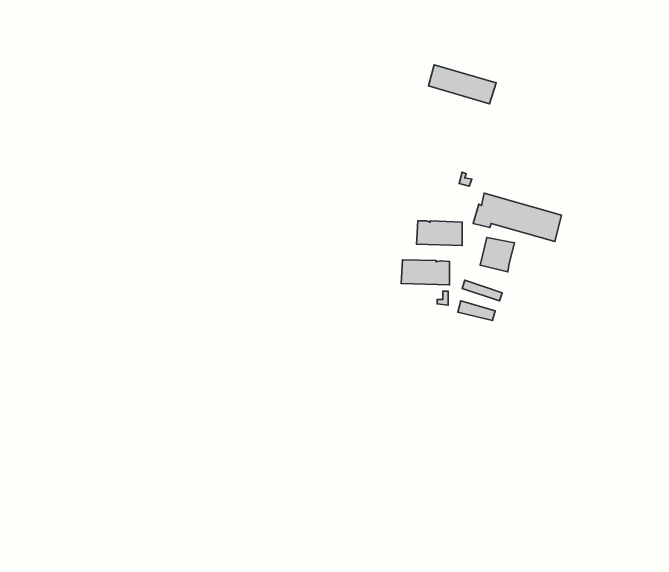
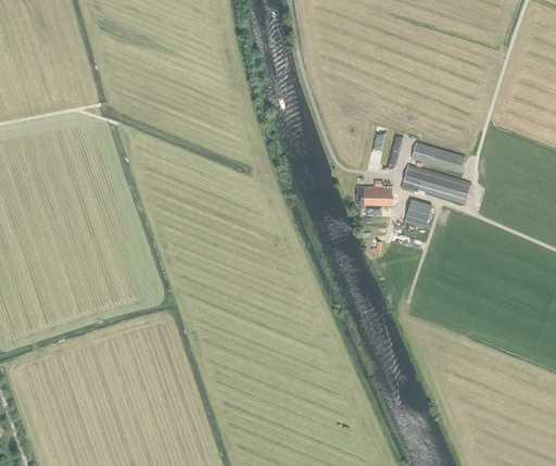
building: [429,65,496,104] -> [410,141,464,172]
building: [401,260,449,285] -> none

